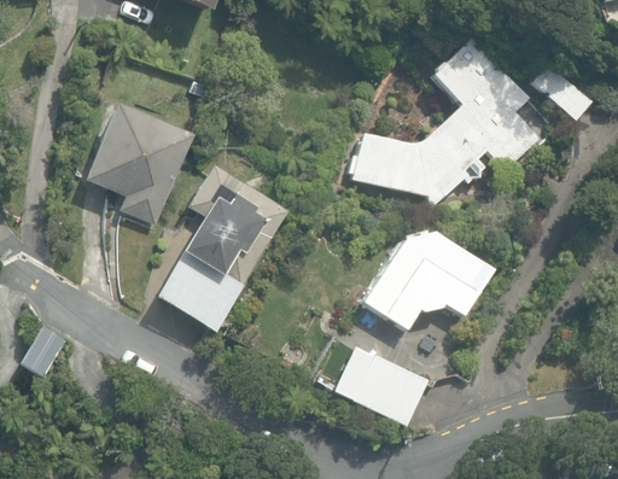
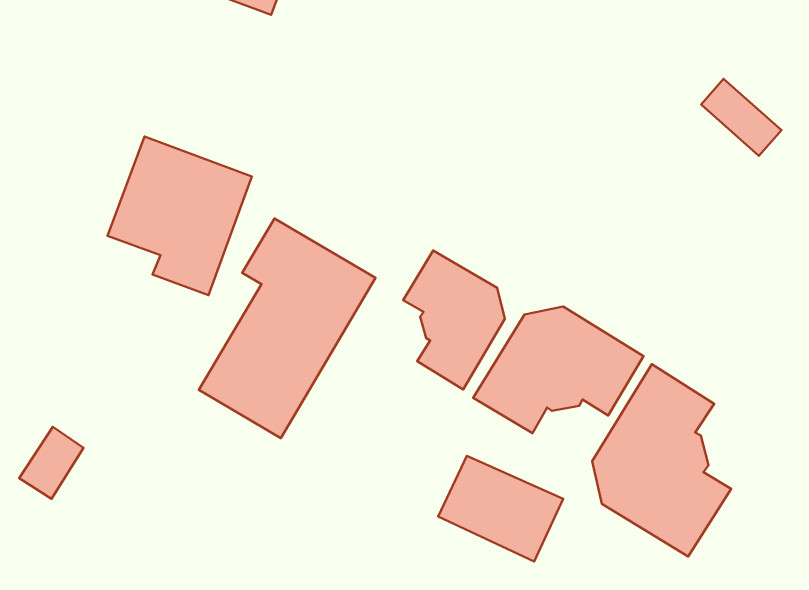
building: [351,33,542,203] -> none
building: none -> [403,251,505,389]
building: none -> [592,364,731,557]

